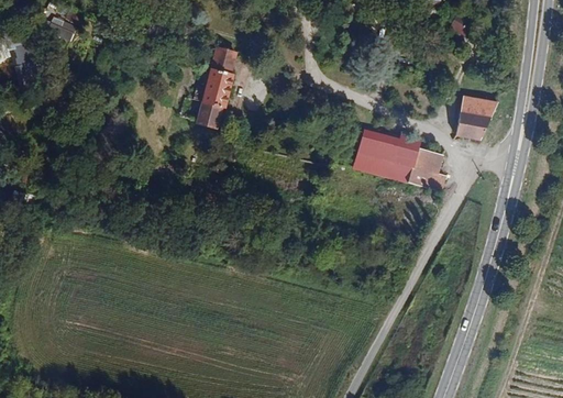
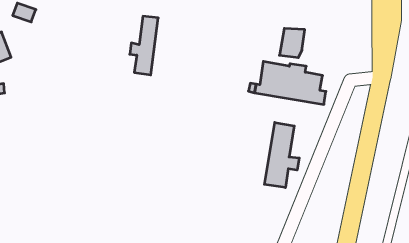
building: [455,99,492,139] -> [279,28,305,58]
building: none -> [264,122,299,188]

